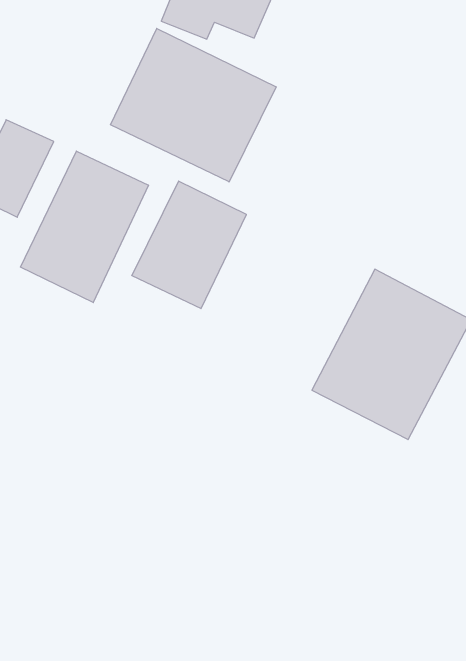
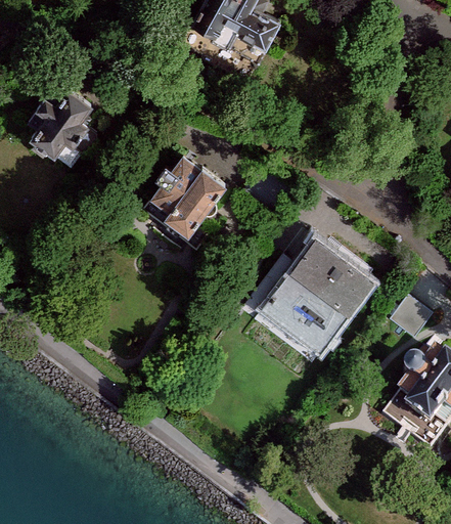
building: [110,28,276,182] -> none
building: [21,151,148,303] -> none

